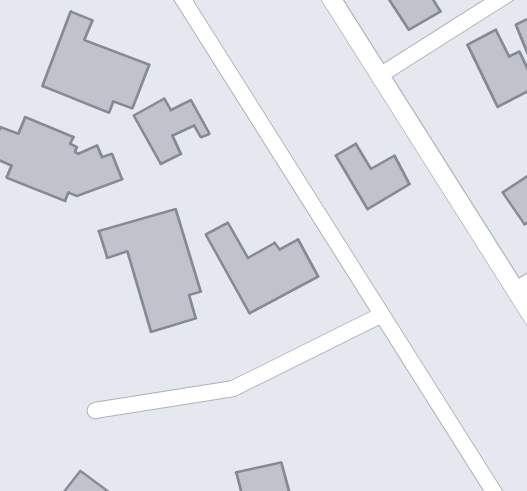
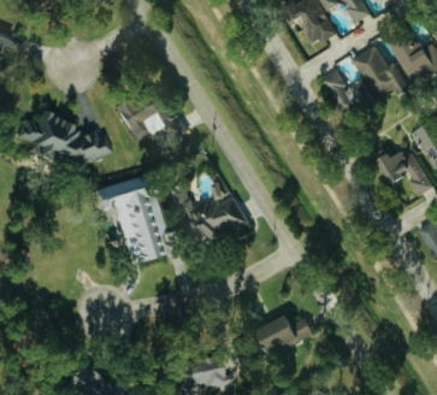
building: [43,11,149,113] -> none
building: [336,144,410,209] -> [323,71,376,118]
building: none -> [262,317,314,352]

